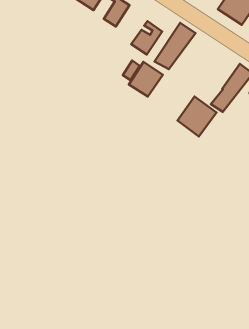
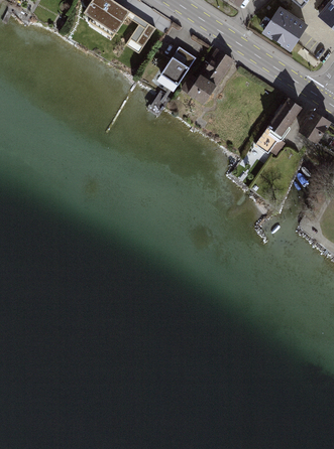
building: [129,62,163,97] -> none
building: [178,97,217,137] -> none

